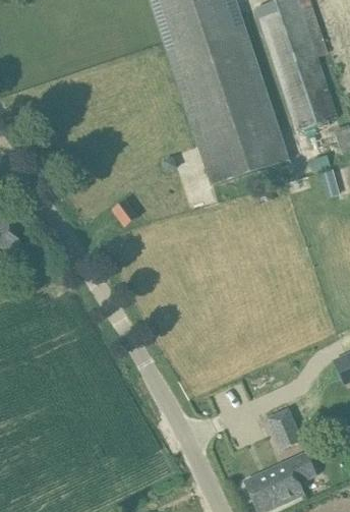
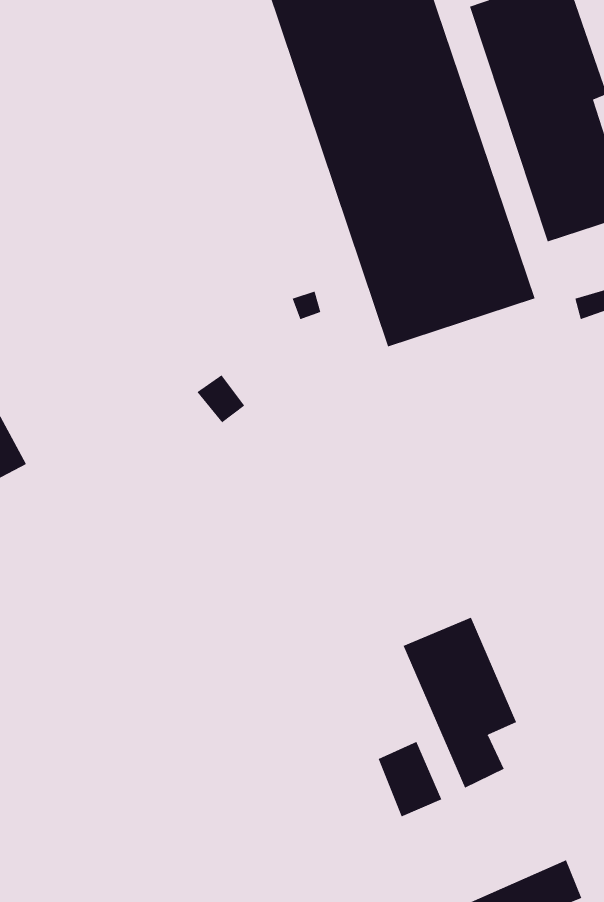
building: none -> [403,617,517,788]
building: [268,407,301,447] -> [378,741,442,817]

